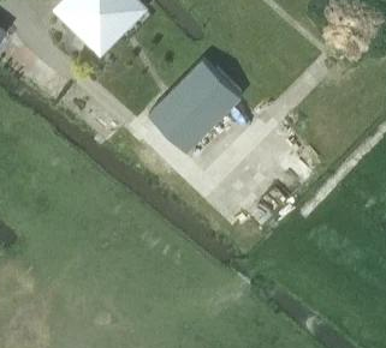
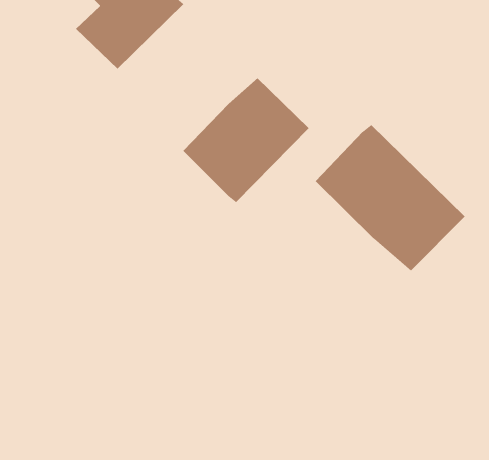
building: none -> [315,124,465,272]

